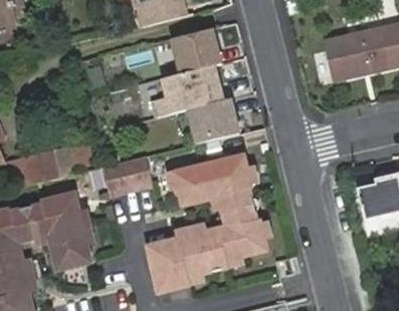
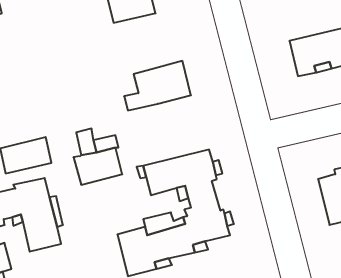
building: [173,28,223,74] -> none
building: [189,99,240,144] -> none

